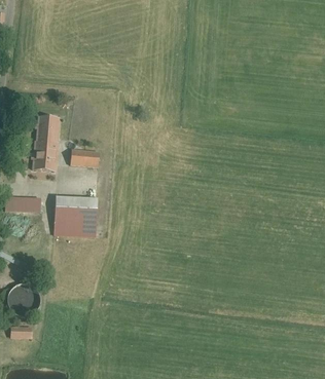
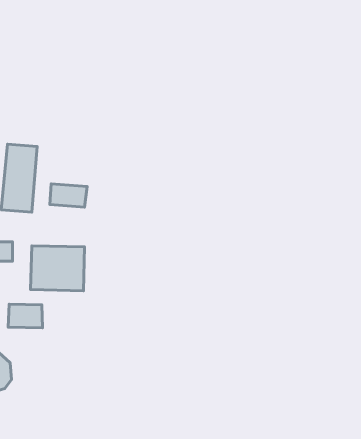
building: none -> [8,304,42,328]

